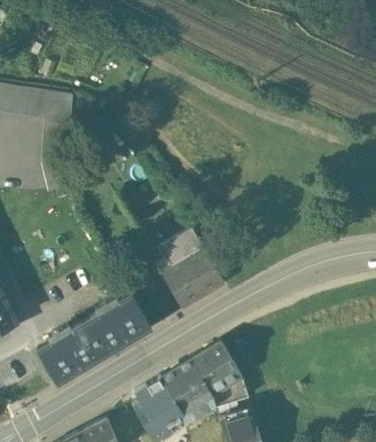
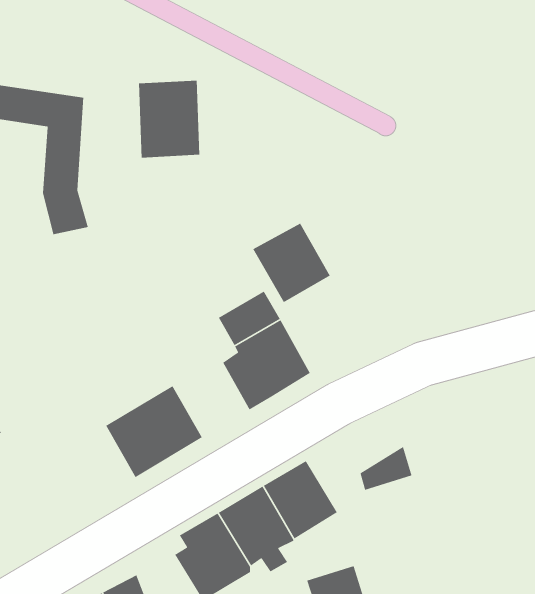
building: none -> [138,80,200,159]
building: none -> [252,222,331,303]
building: [41,318,106,380] -> none
building: [213,377,248,407] -> [360,446,412,491]

